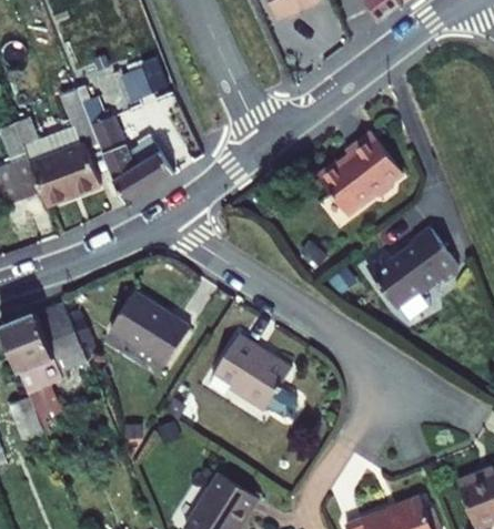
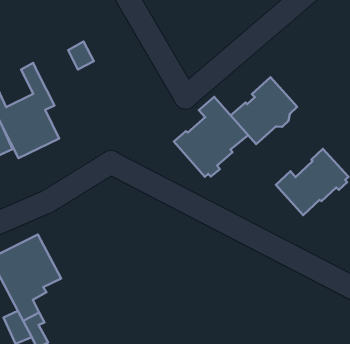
building: [81,96,174,203] -> none
building: none -> [174,97,248,177]
building: [110,292,190,365] -> none
building: [208,334,296,416] -> none

